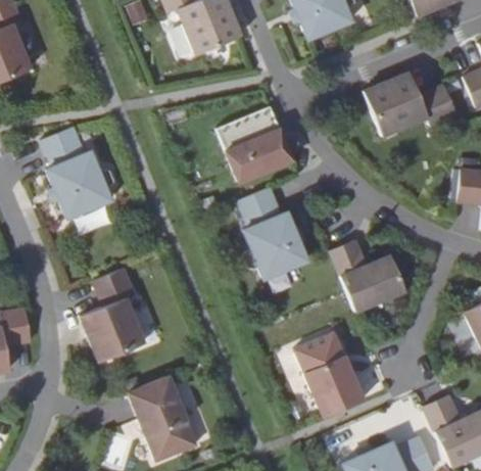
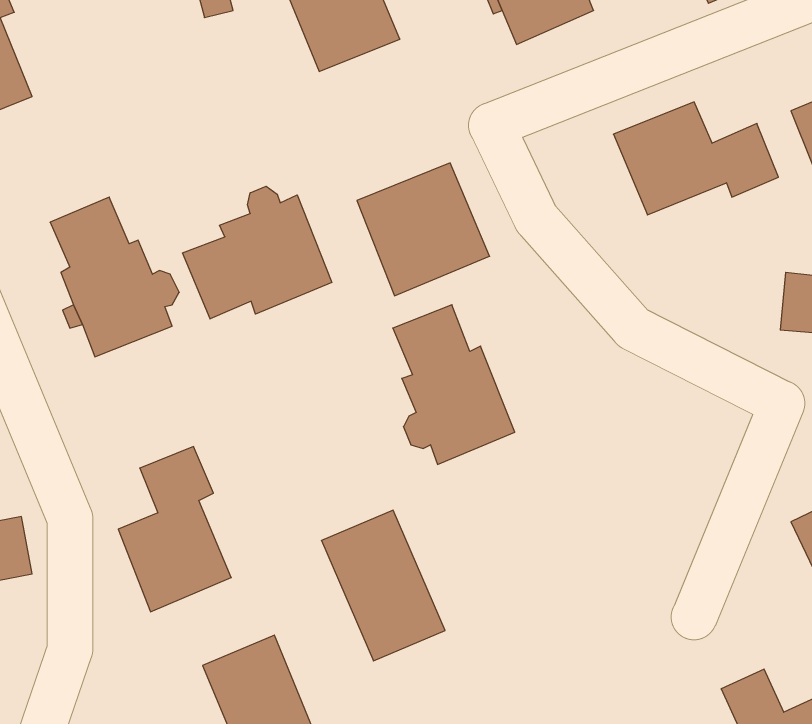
building: none -> [183,186,332,319]
building: [330,240,404,312] -> none
building: [293,332,364,418] -> [321,510,445,661]

